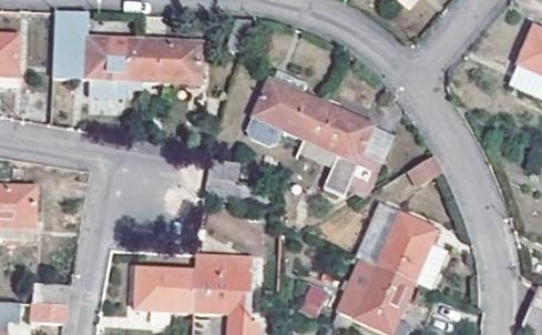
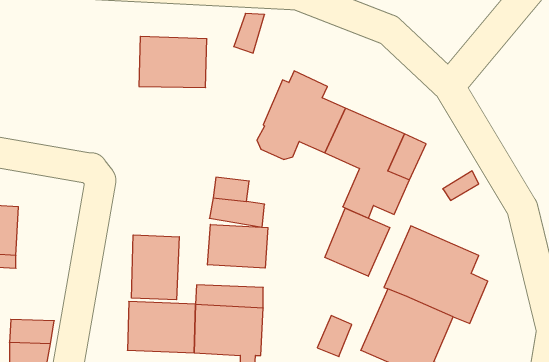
building: [52,11,145,95] -> none
building: none -> [325,208,390,276]
building: none -> [208,224,268,268]
building: none -> [132,235,179,300]

